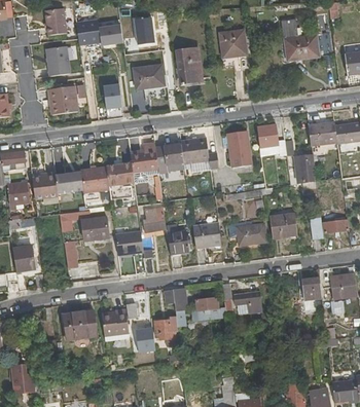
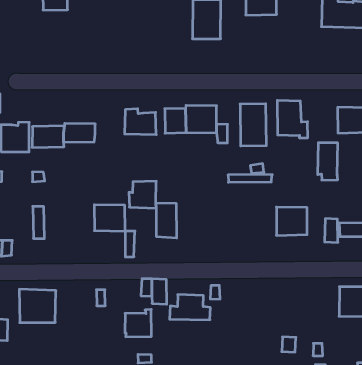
building: [132,64,166,88] -> none
building: [101,82,120,108] -> none
building: [48,85,77,113] -> none
building: [106,160,135,186] -> none
building: [81,215,110,240] -> none
building: [192,221,222,249] -> none
building: [236,222,266,246] -> none
building: [301,275,322,300] -> none
building: [233,292,262,312] -> none
building: [101,308,127,334] -> none
building: [135,327,154,352] -> none

